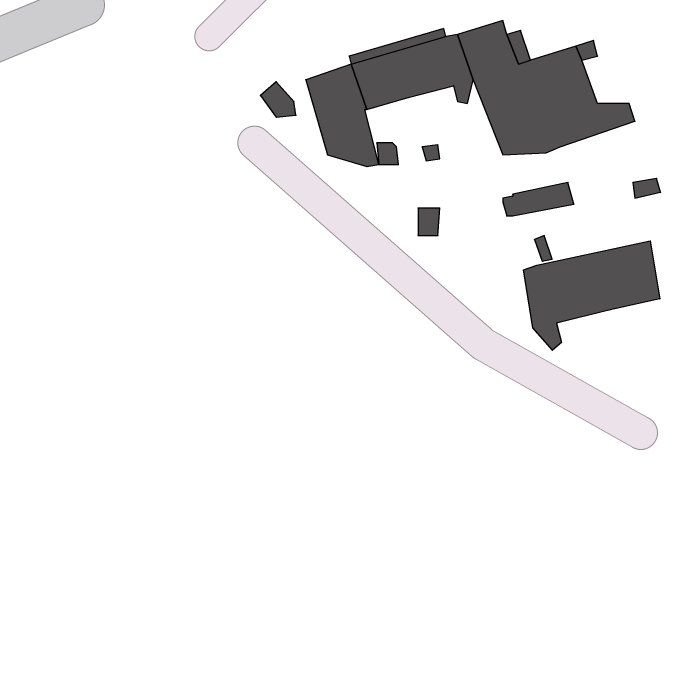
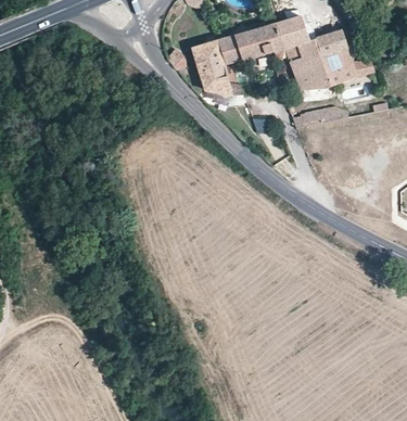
building: [523,241,660,350] -> none

